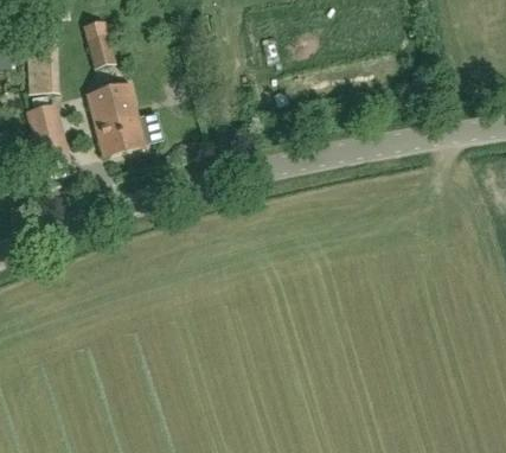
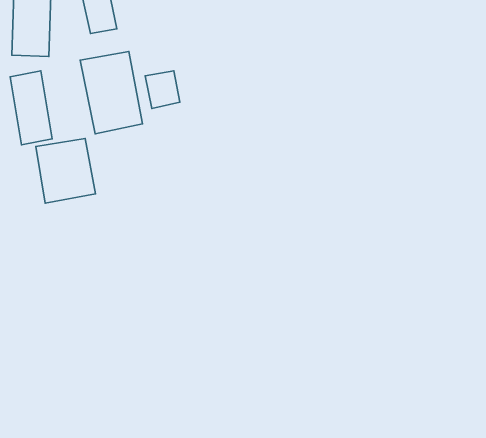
building: none -> [145,71,180,108]
building: none -> [36,139,95,203]

